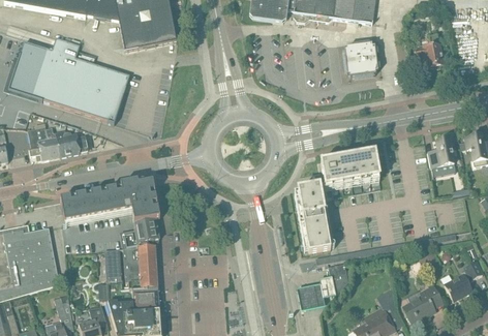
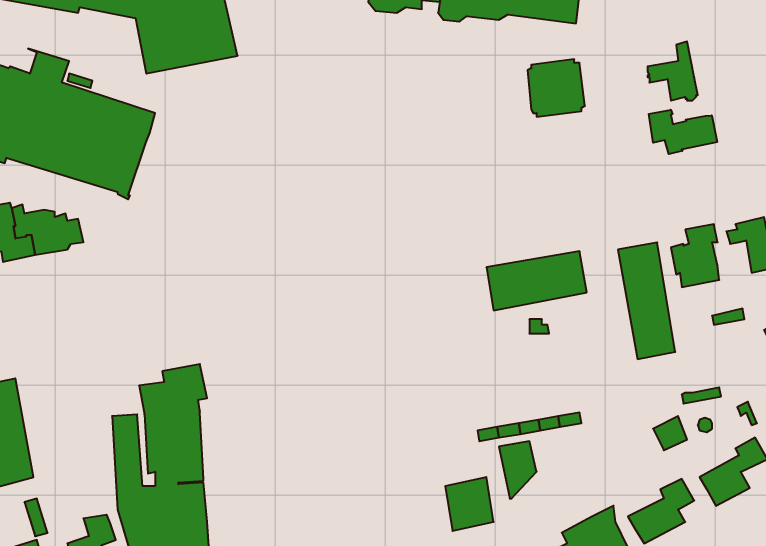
building: none -> [649,110,717,154]
building: [60,180,159,222] -> none
building: [297,185,330,252] -> [618,242,675,359]

